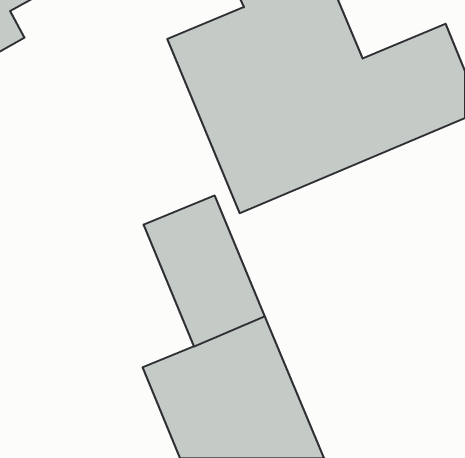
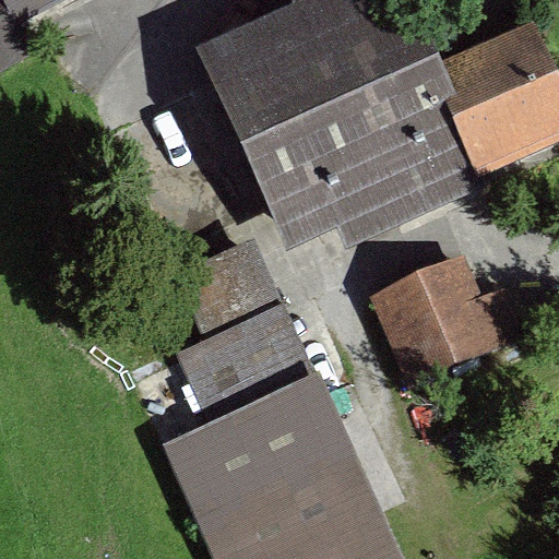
building: none -> [367,251,531,390]

